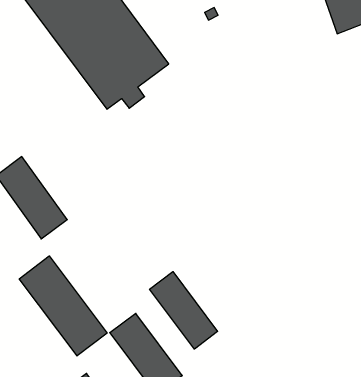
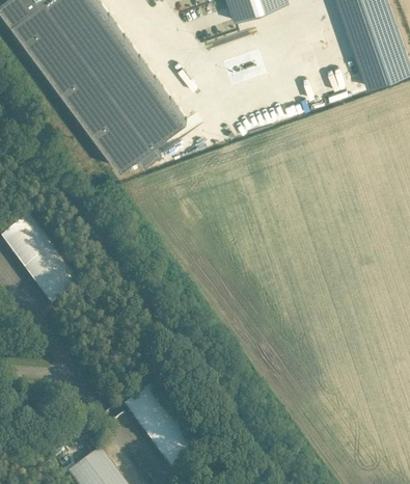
building: [19,256,107,356] -> none
building: [150,272,218,349] -> none

